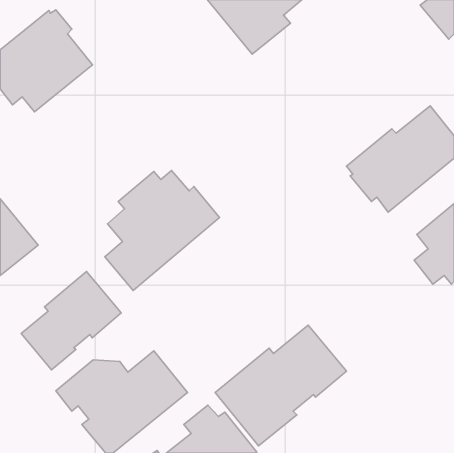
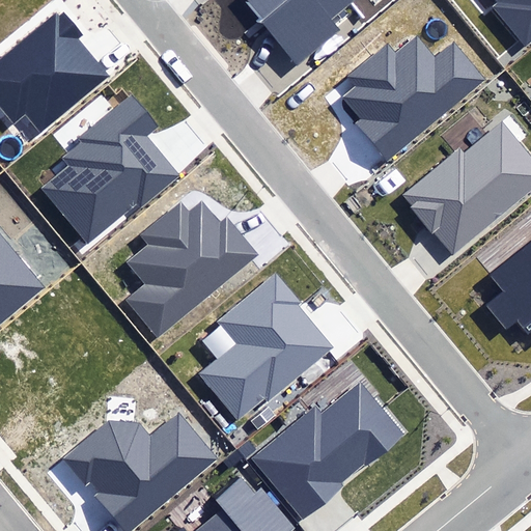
building: none -> [345,32,488,164]
building: none -> [41,94,178,244]
building: none -> [199,272,332,419]
building: [21,272,121,370] -> none

